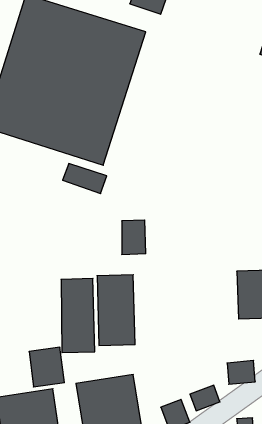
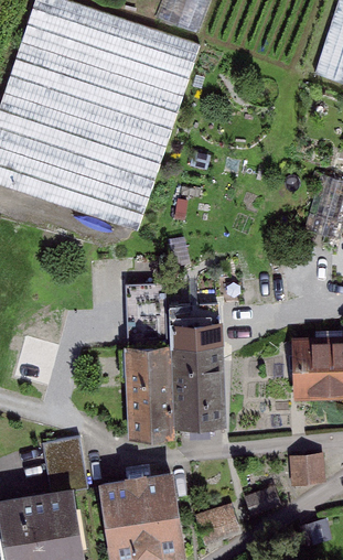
building: [61,278,95,353] -> [182,329,224,421]

